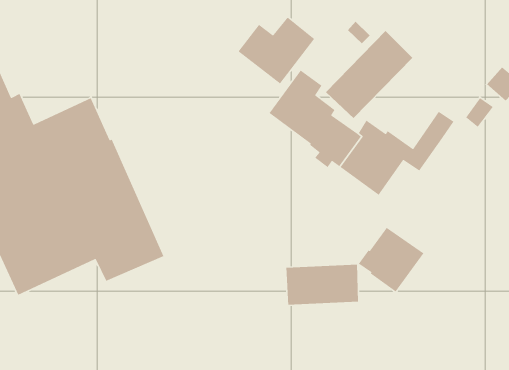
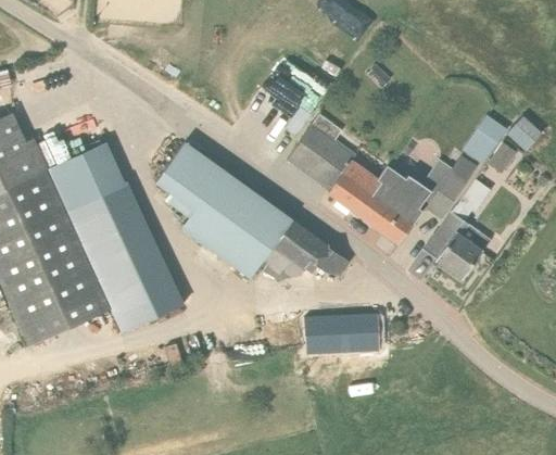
building: [325,30,413,119] -> none
building: none -> [462,114,507,164]
building: none -> [155,143,350,281]
building: [358,227,425,293] -> [422,212,491,279]

